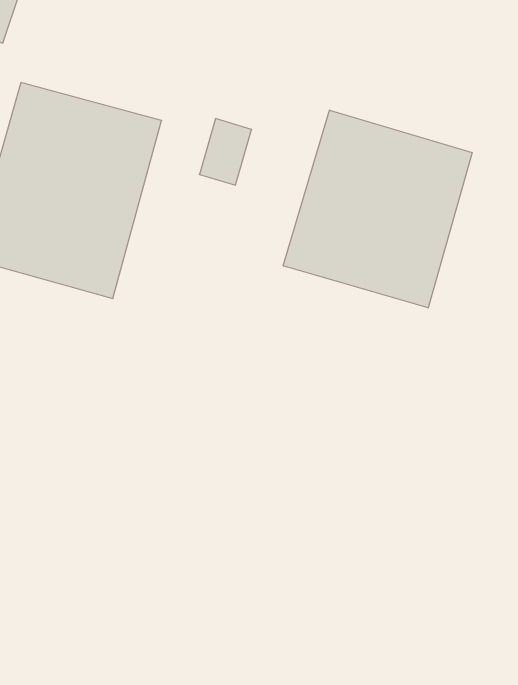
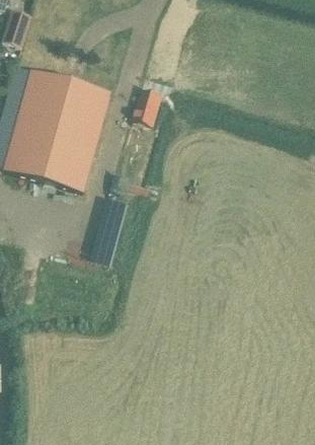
building: [283,110,472,308] -> none

